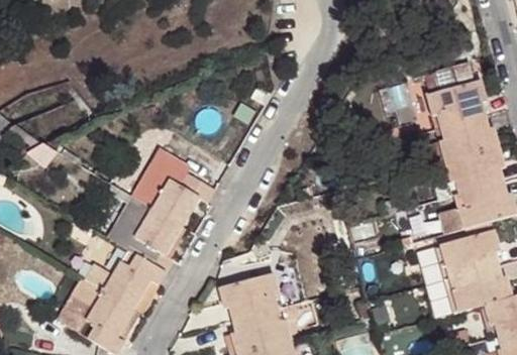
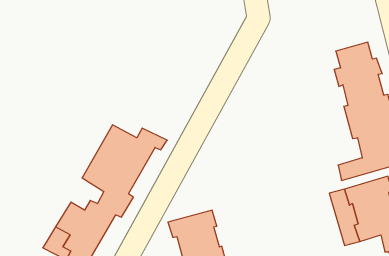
building: [147,144,191,183] -> none

